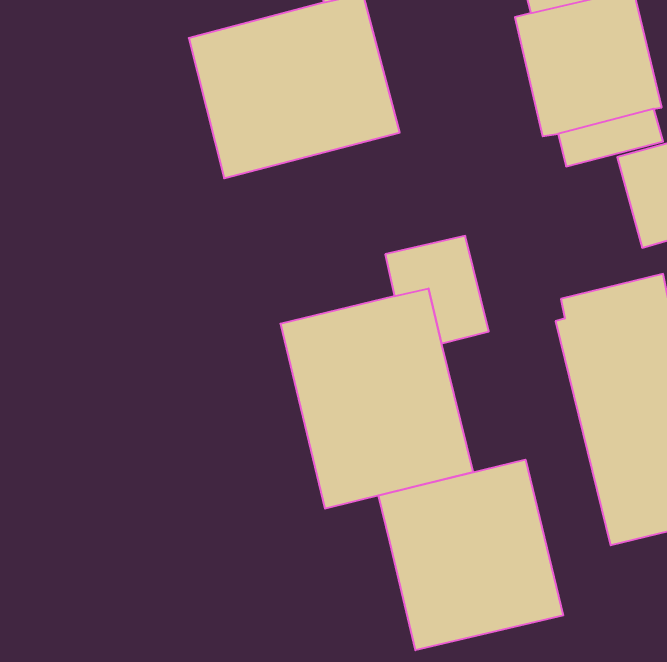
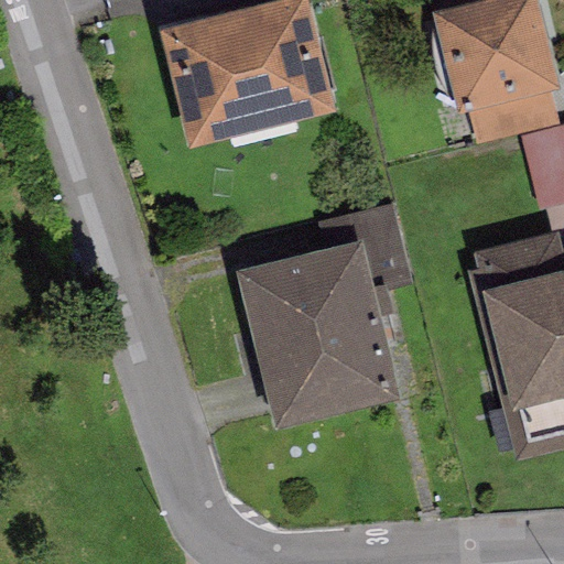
building: [378,460,563,650] -> none

